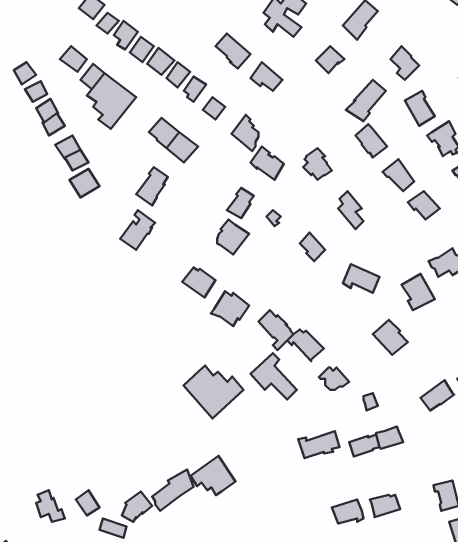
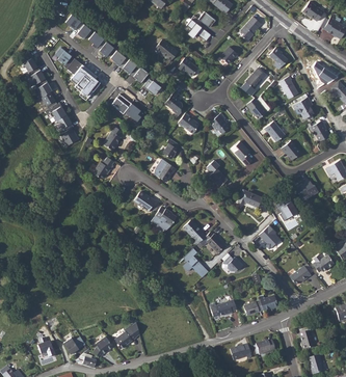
building: [184,366,244,419] -> none
building: [190,456,235,495] -> none

